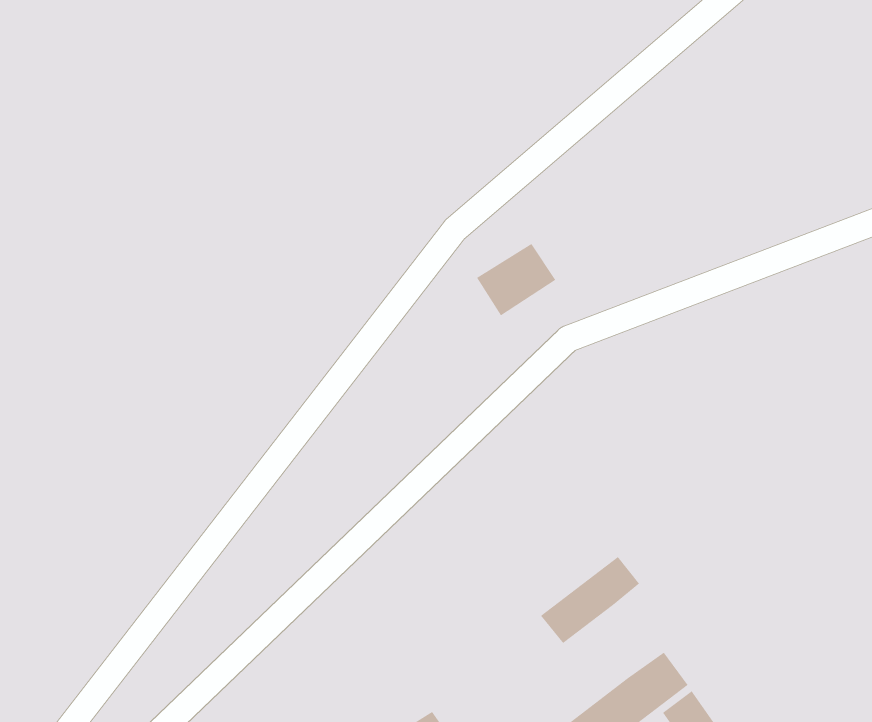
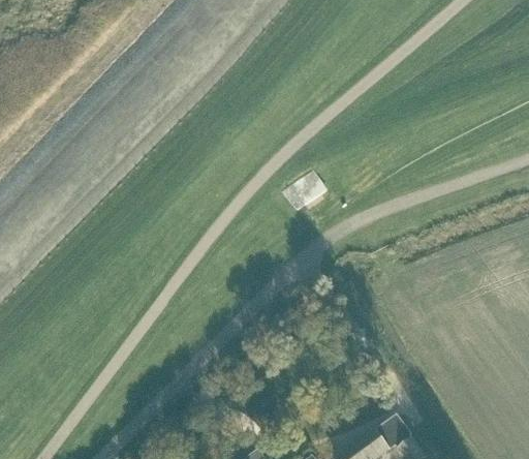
building: [540,556,640,644] -> none

